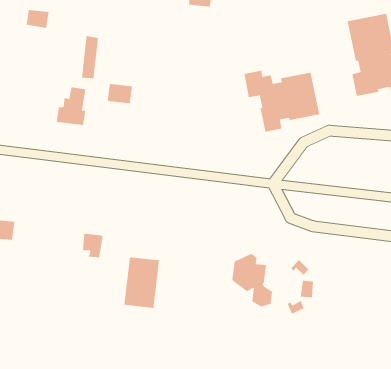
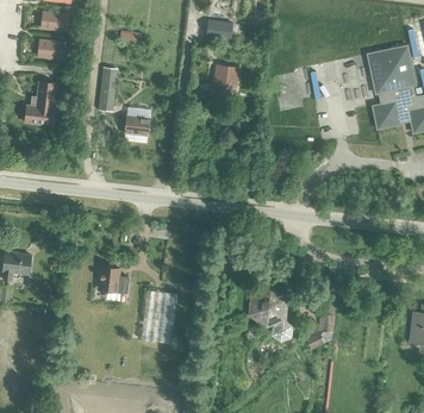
building: none -> [213,65,238,96]
building: [244,70,320,133] -> none
building: [56,87,86,126] -> [24,86,55,125]

